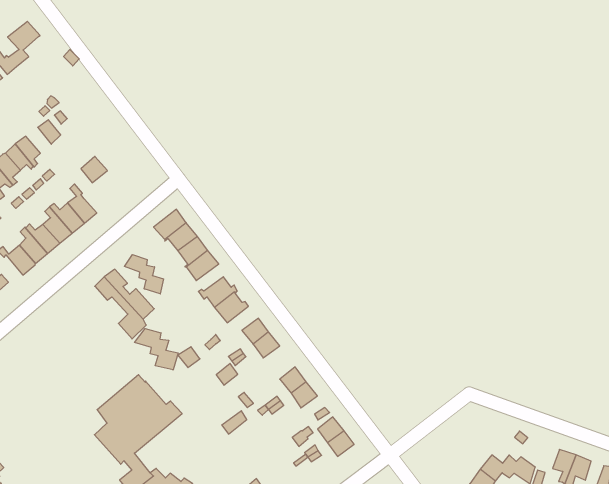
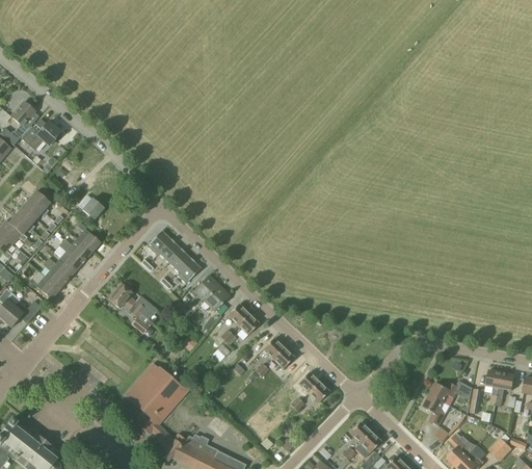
building: none -> [22,121,60,151]
building: [124,255,164,294] -> none
building: [135,329,178,370] -> none

